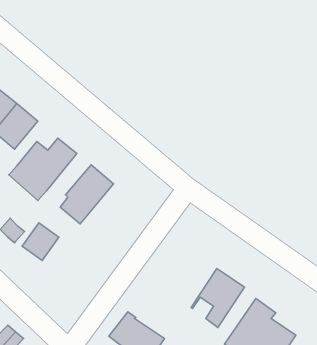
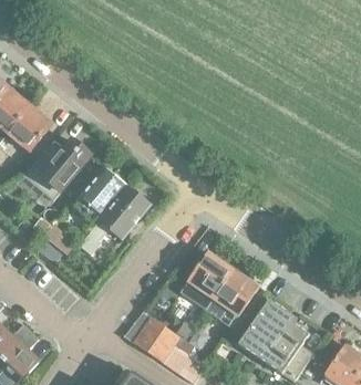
building: none -> [75,185,149,254]
building: none -> [179,252,229,308]

